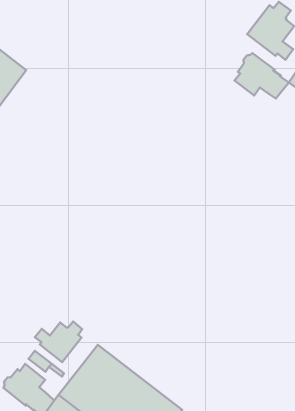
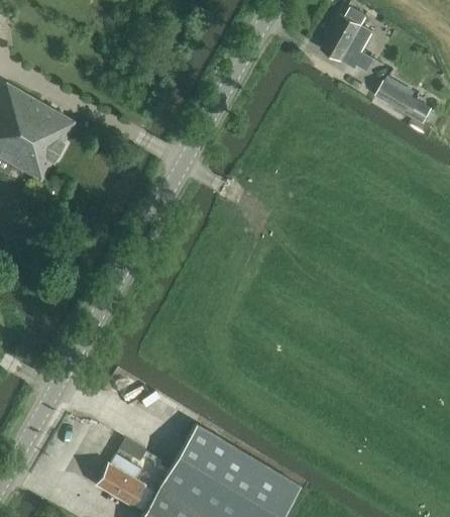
building: [234,53,289,98] -> none
building: [35,321,82,362] -> none

